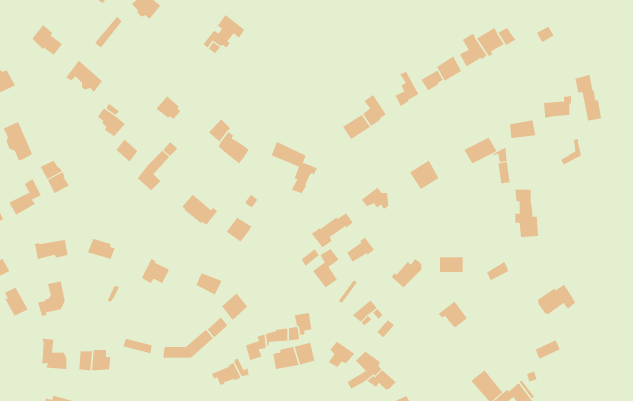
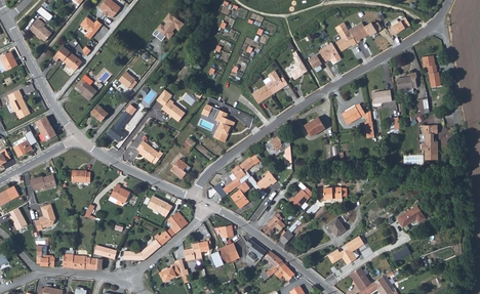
building: [515,189,539,238] -> [419,126,437,161]
building: none -> [324,237,361,265]

